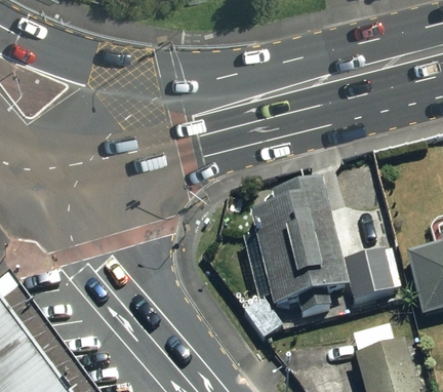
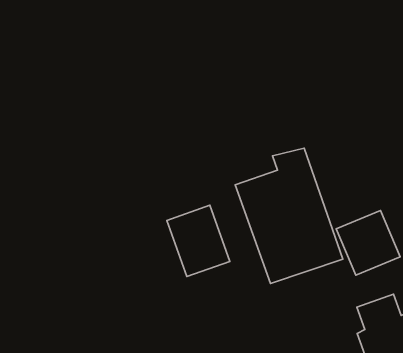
building: none -> [167,205,230,276]

